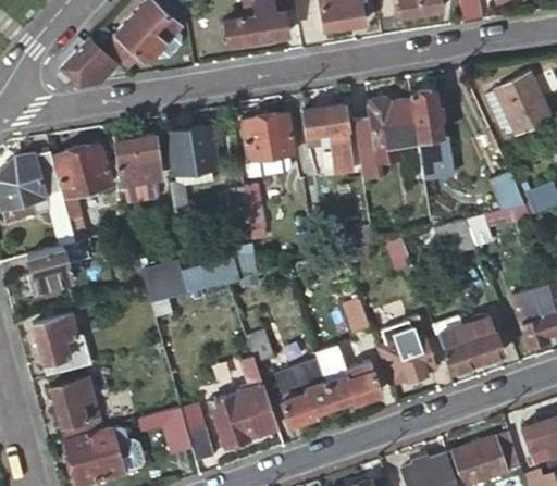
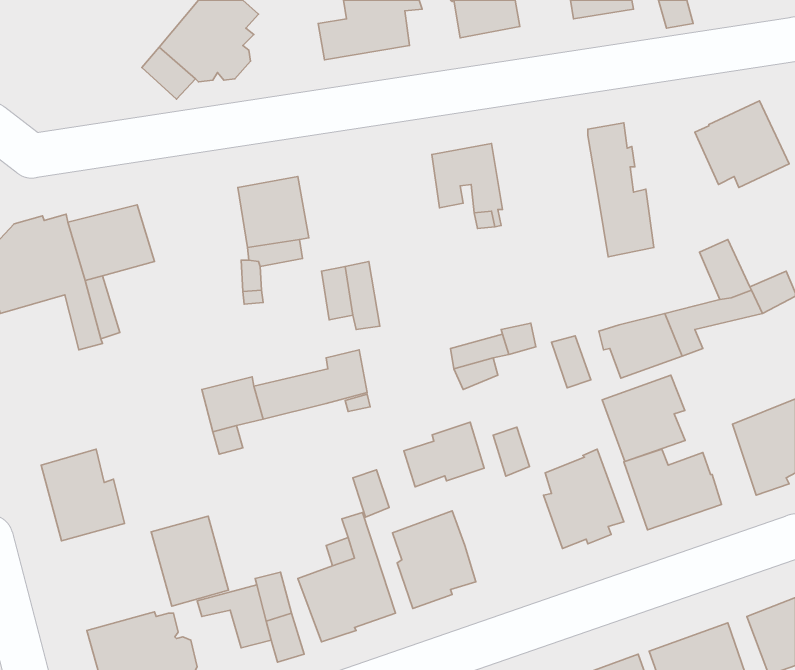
building: [59,40,115,88] -> none
building: [354,97,418,179] -> none
building: [242,113,293,177] -> none
building: [115,136,162,205] -> none
building: [26,239,89,291] -> none
building: none -> [602,375,685,462]
building: [325,361,381,406] -> [404,422,484,487]
building: [50,377,103,439] -> [151,516,228,606]

